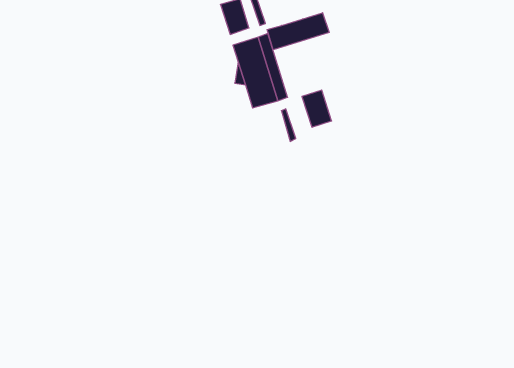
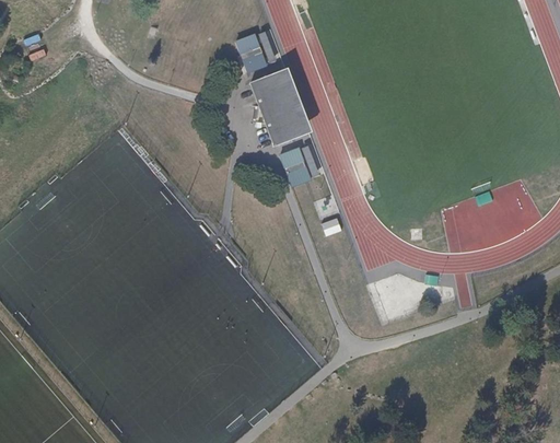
building: [267,13,329,50] -> none
building: [302,90,332,127] -> [281,147,313,185]

